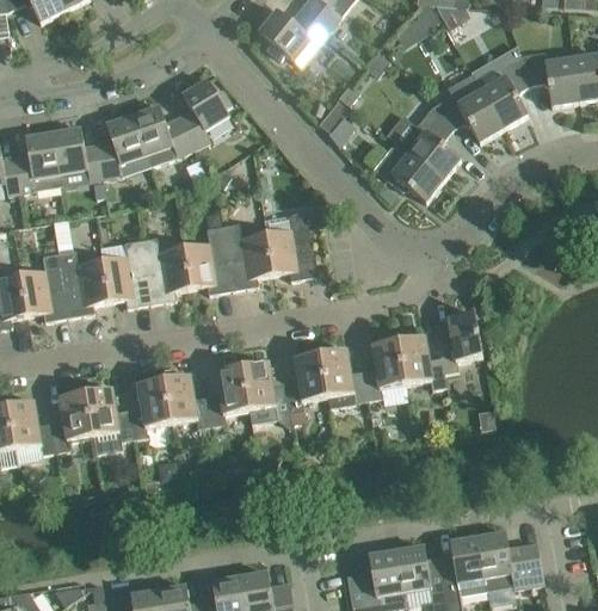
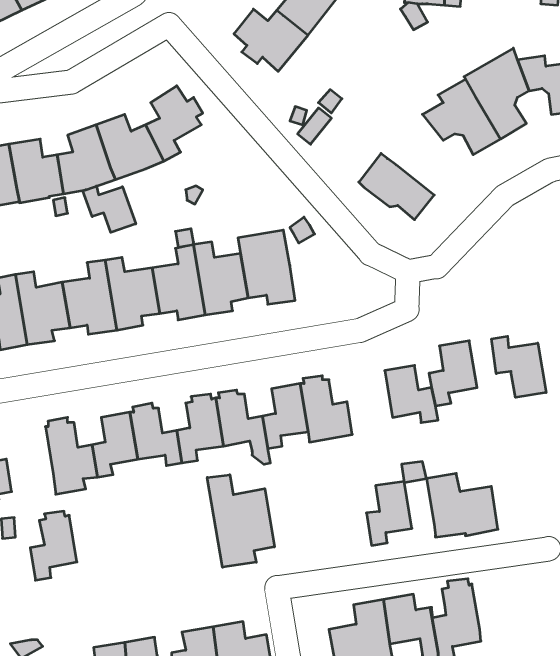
building: [400,105,461,179] -> none
building: none -> [83,186,136,232]
building: none -> [492,336,546,397]
building: [363,340,405,399] -> [366,482,412,545]
building: [50,388,93,451] -> [30,511,77,580]
building: none -> [207,475,274,567]
building: [477,531,543,590] -> [426,473,498,537]

